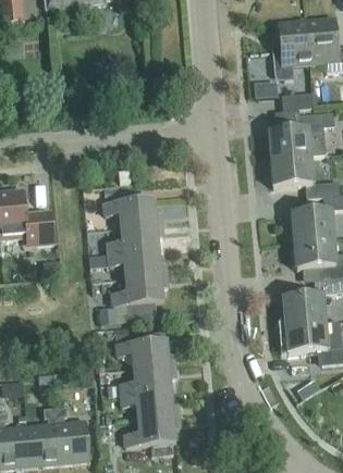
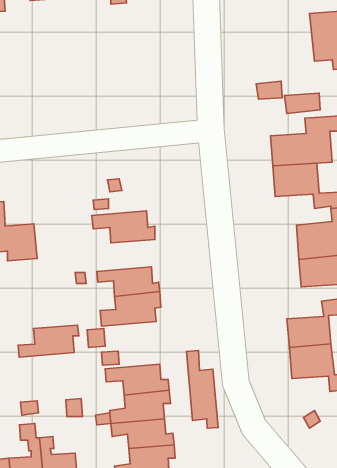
building: [271,18,307,78] -> none
building: [107,225,162,254] -> [18,325,79,357]
building: none -> [187,350,218,428]

